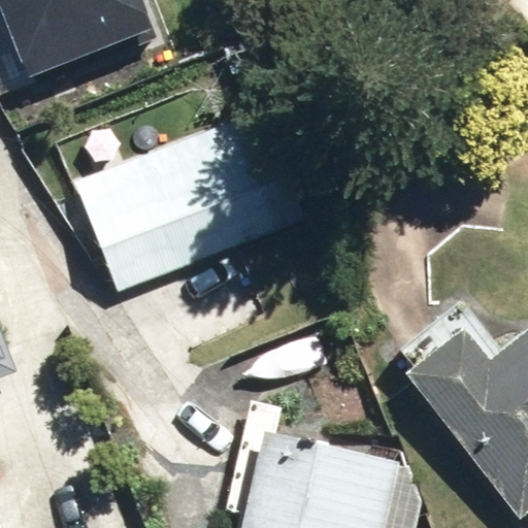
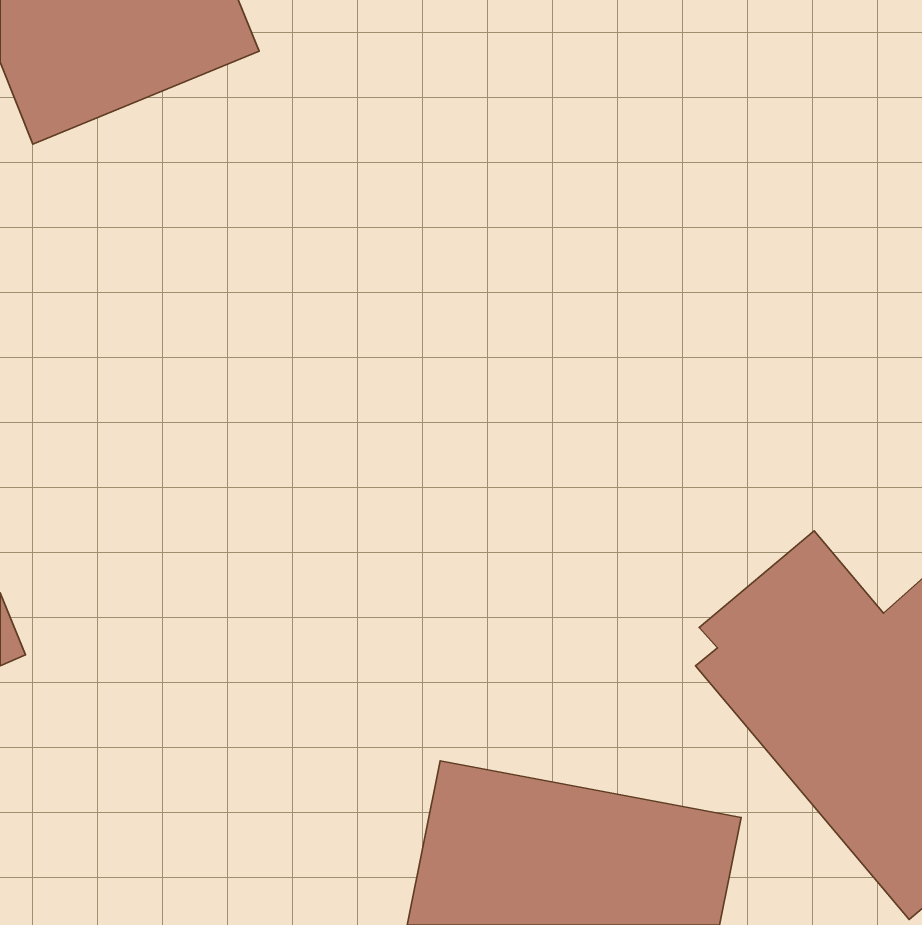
building: [74,116,286,295] -> none

